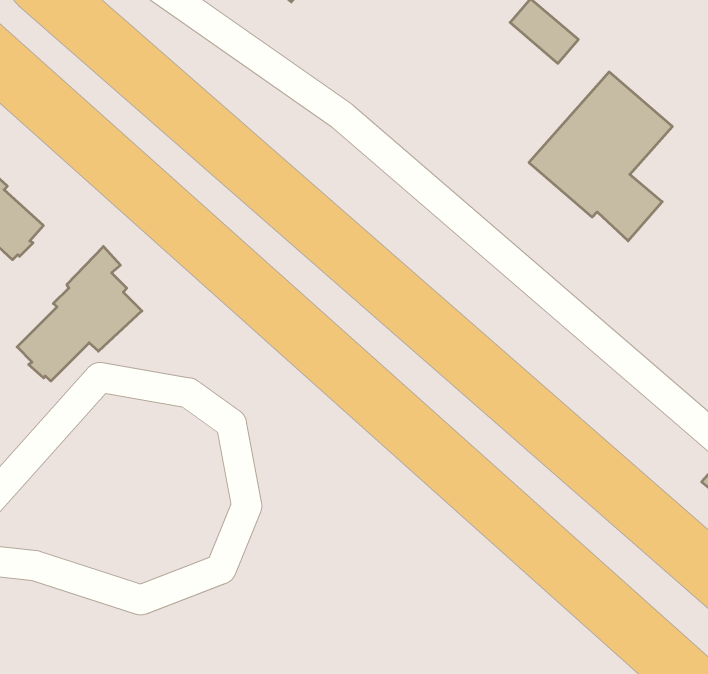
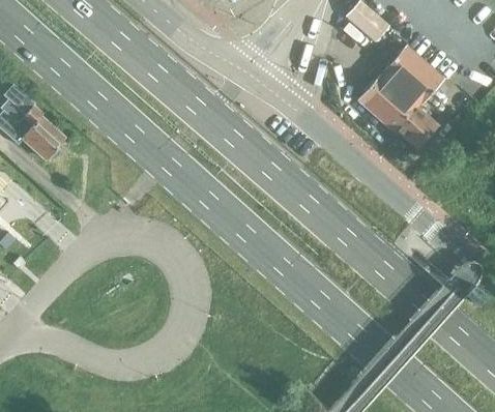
building: [17,246,142,381] -> none

